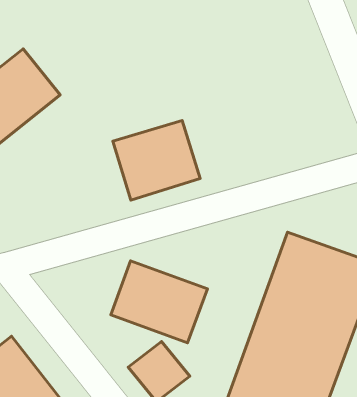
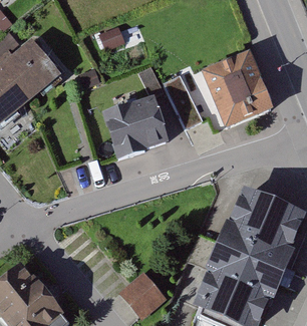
building: none -> [210,48,276,123]
building: [111,261,207,343] -> none

